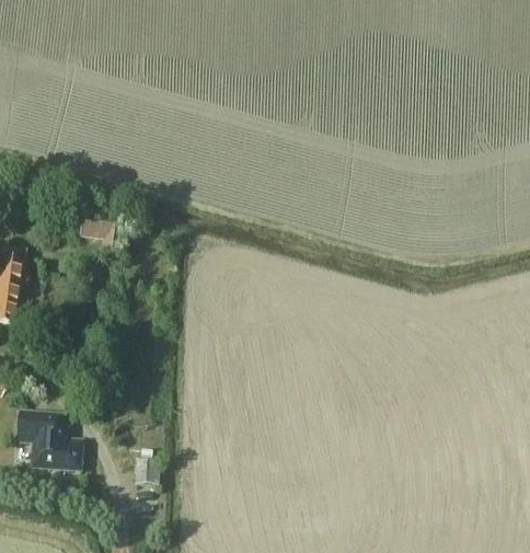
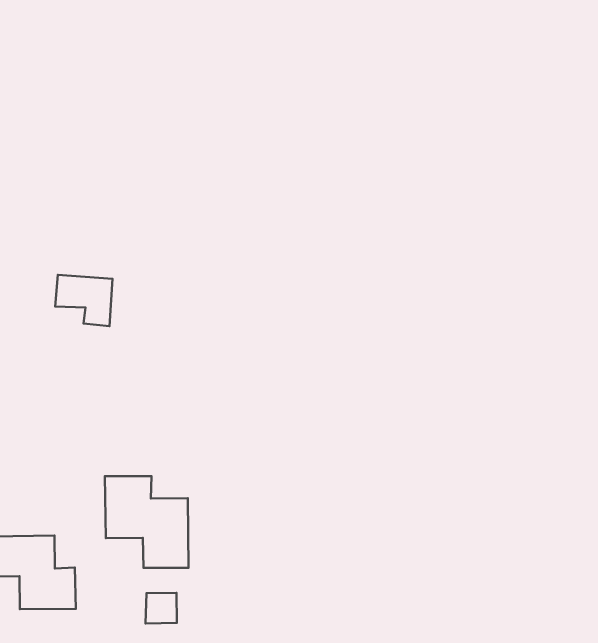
building: none -> [105,476,189,568]

